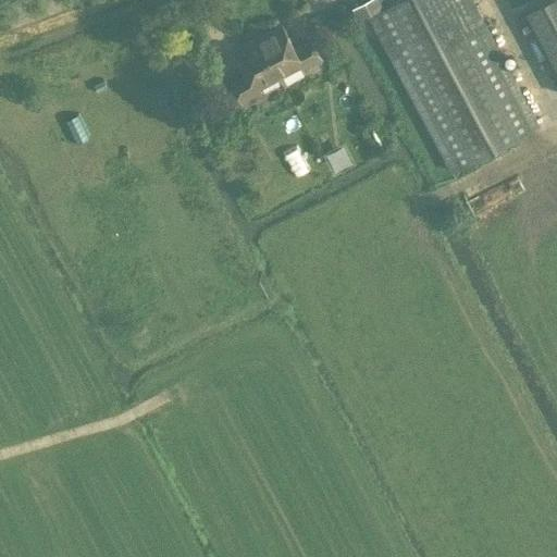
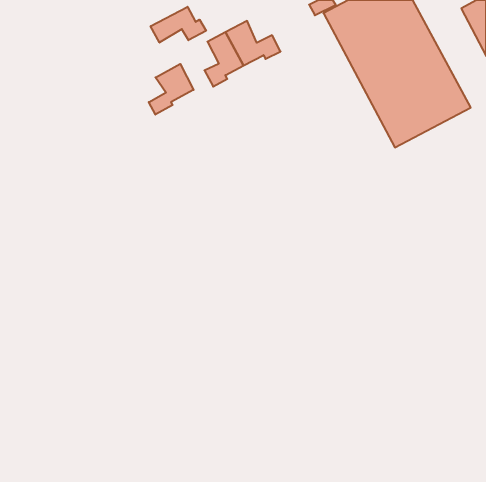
building: none -> [151,7,206,43]
building: none -> [149,64,194,115]

